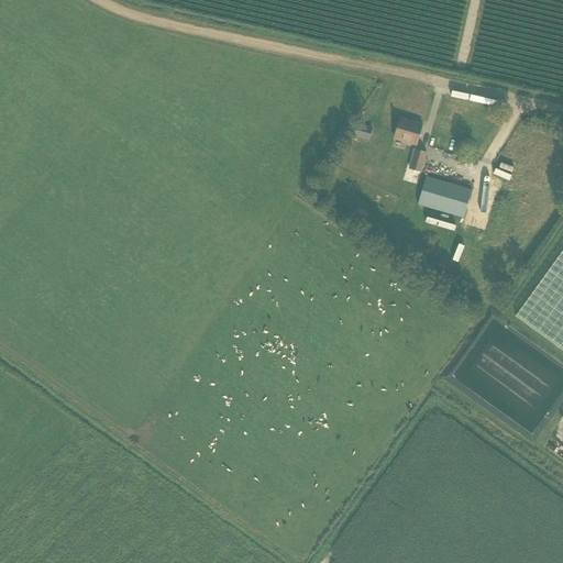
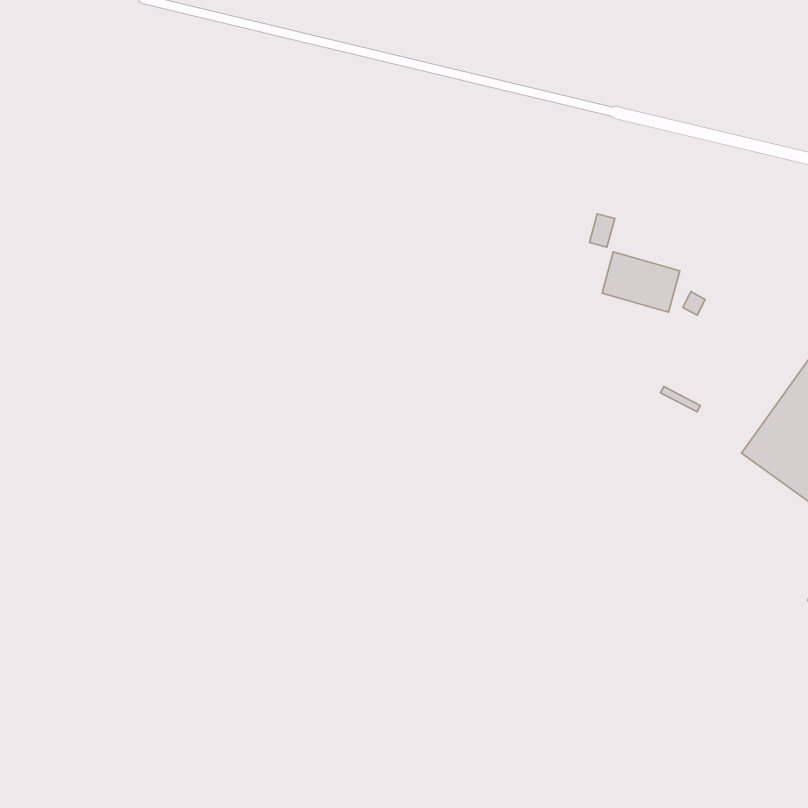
building: [395,117,423,145] -> none

